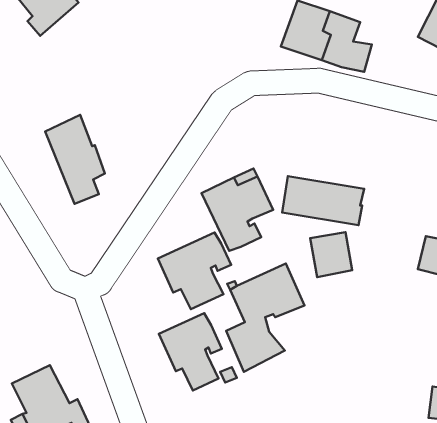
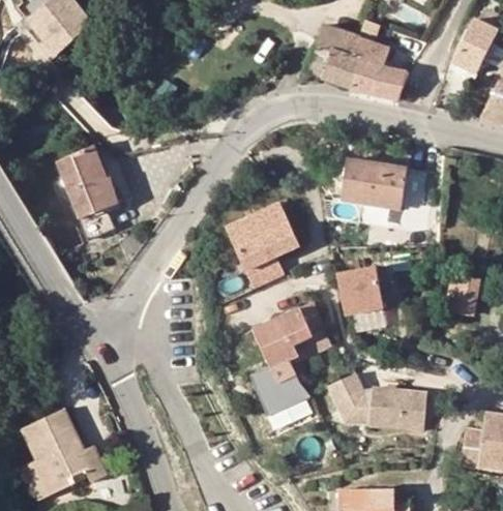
building: [282,176,364,225] -> [341,159,427,211]
building: [158,232,231,309] -> none
building: [159,313,222,391] -> none
building: none -> [327,373,428,429]

